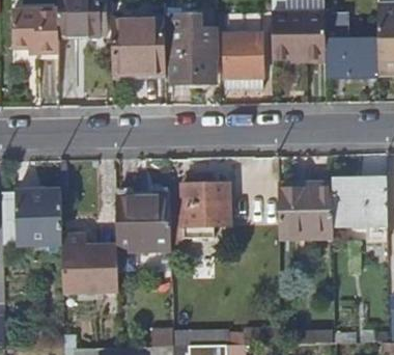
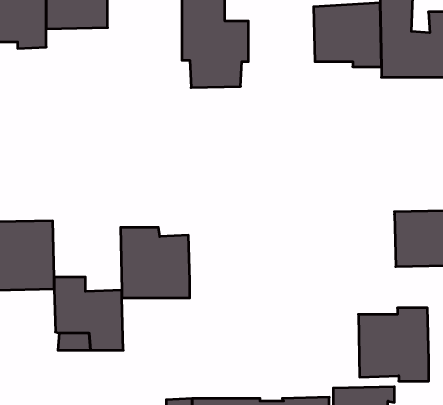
building: [111,18,165,72] -> none
building: [224,32,262,89] -> none
building: [170,173,234,237] -> none
building: [279,184,335,242] -> [358,308,429,381]

